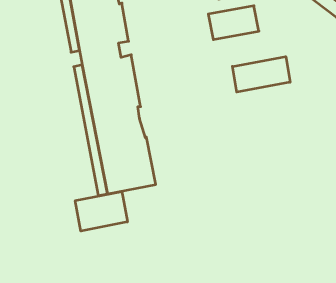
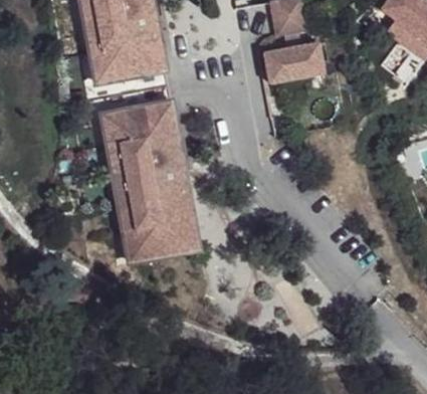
building: [232,57,290,92] -> none
building: [75,191,127,231] -> none

